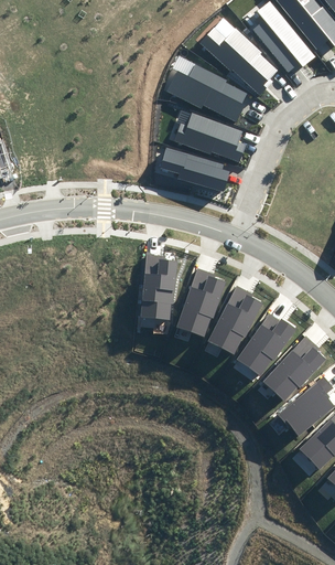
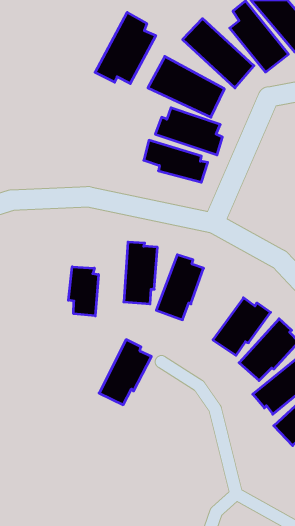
building: none -> [95,12,156,84]
building: none -> [68,267,98,316]
building: [207,286,262,354] -> [99,340,151,405]

